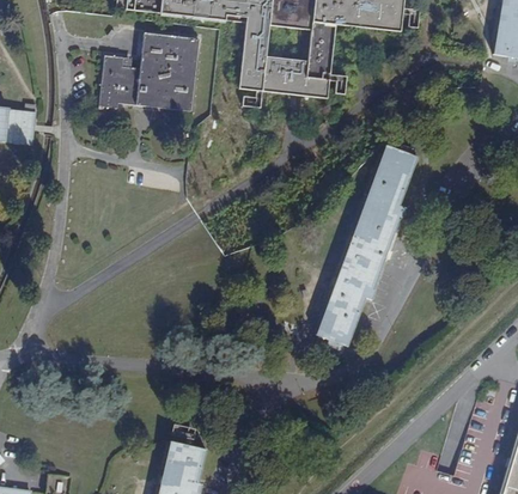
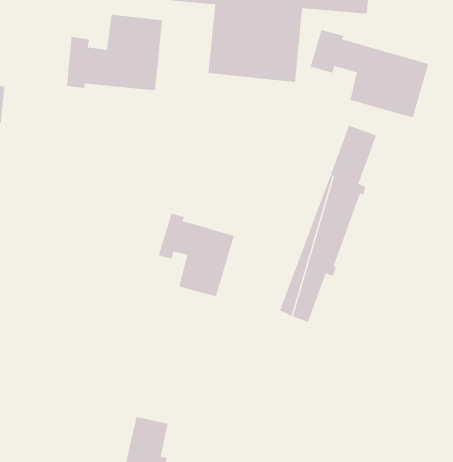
building: none -> [310,29,429,118]
building: none -> [158,213,234,297]

